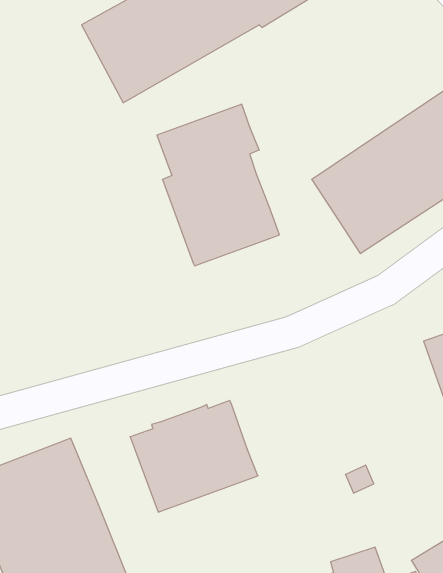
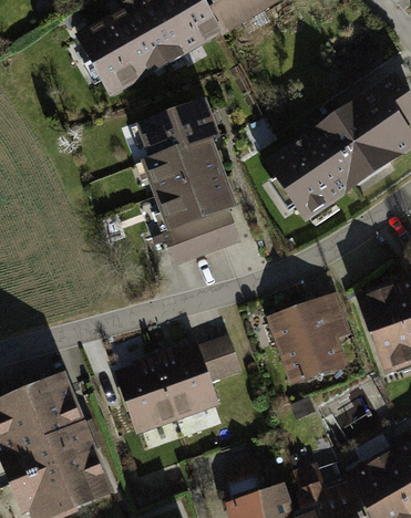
building: none -> [161,208,240,266]
building: none -> [266,290,353,384]
building: none -> [197,331,243,381]

